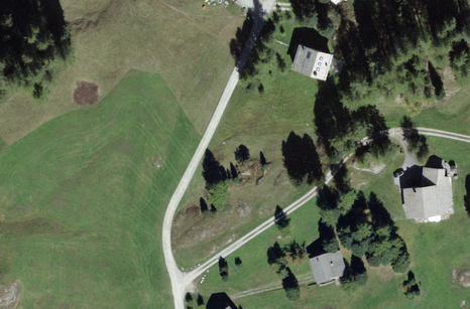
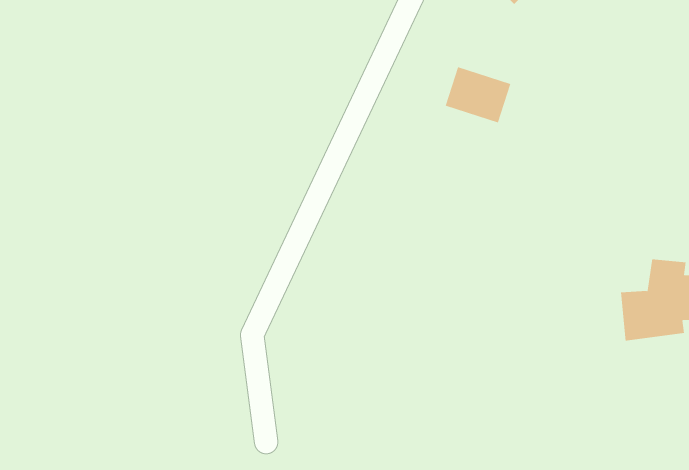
building: [309,253,347,288] -> none

